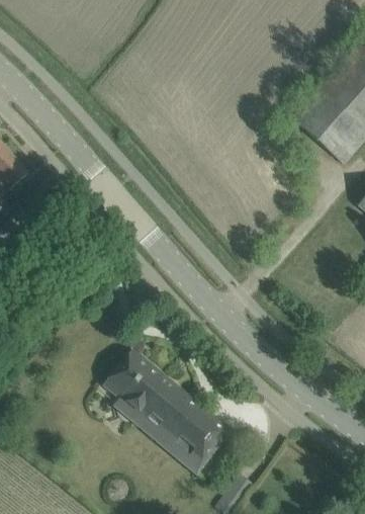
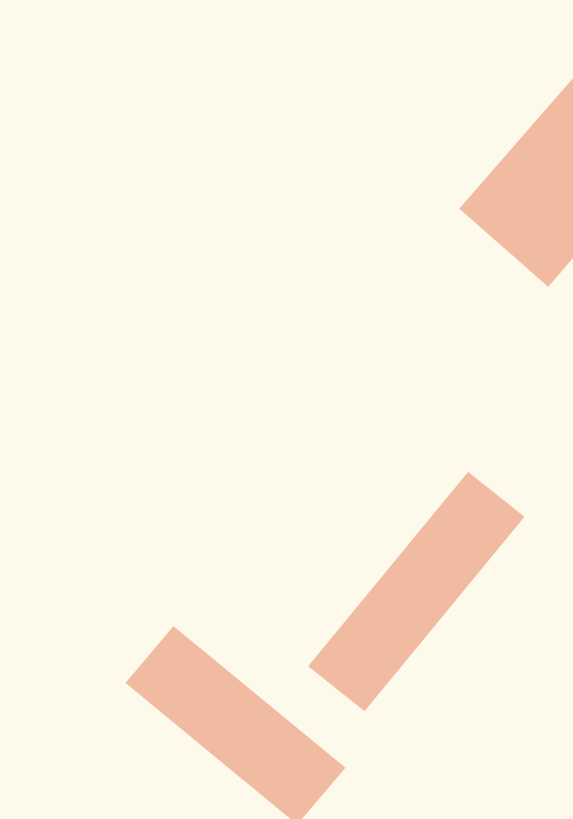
building: none -> [307,471,525,712]

